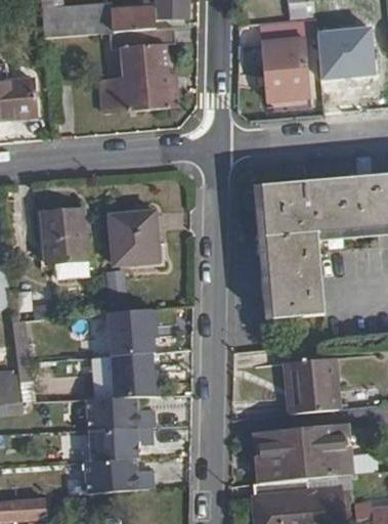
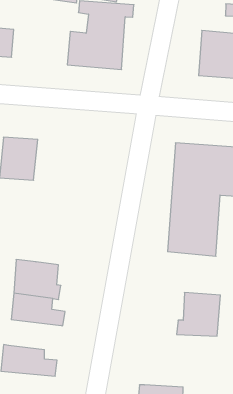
building: [111,213,158,265] -> none
building: [103,309,153,356] -> none
building: [259,423,359,483] -> none
building: [89,428,152,463] -> none

